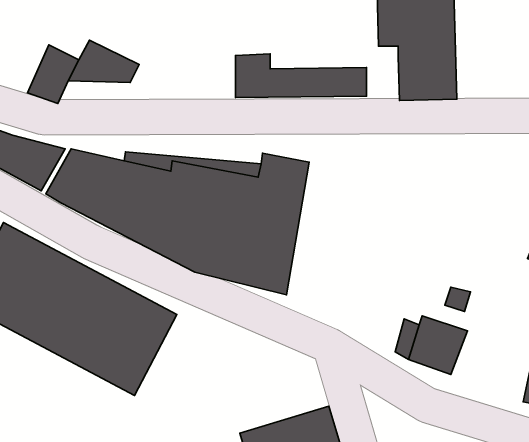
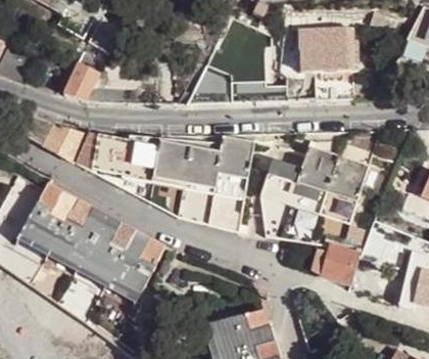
building: none -> [259,145,368,243]

